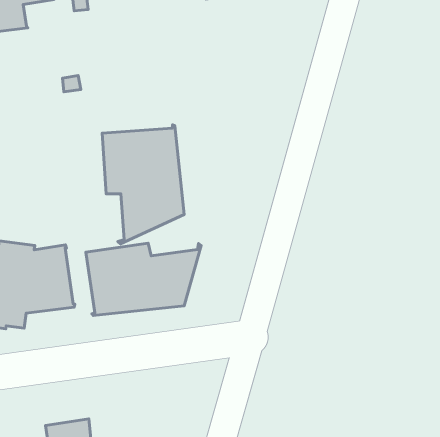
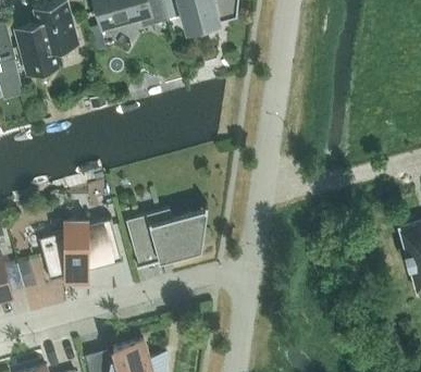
building: [102,125,184,244] -> none

